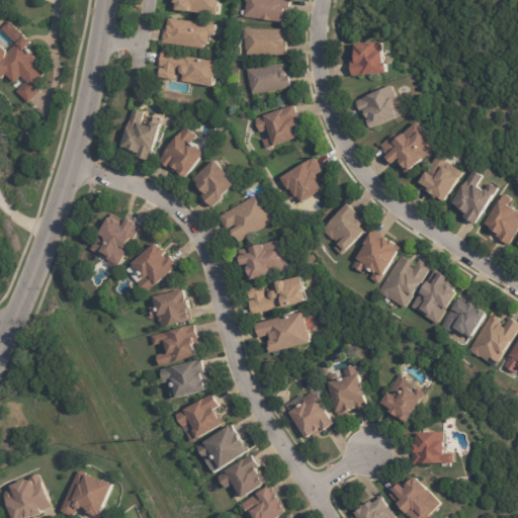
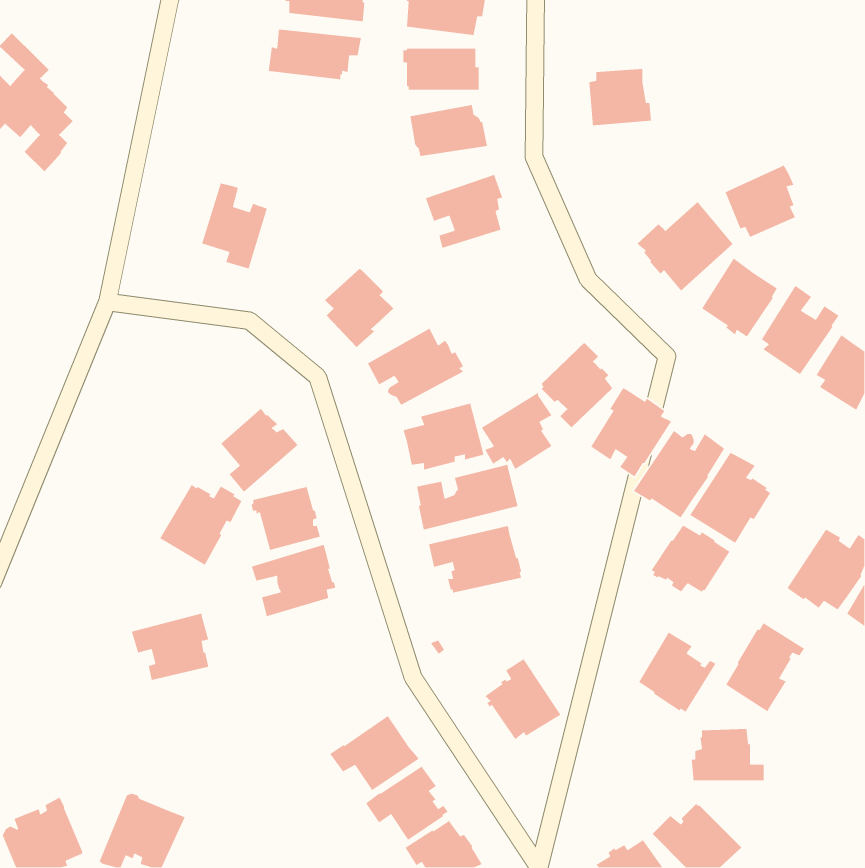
building: [156,51,213,85] -> none
building: [354,84,397,127] -> [724,165,796,238]
building: [156,125,203,177] -> none
building: [279,156,322,202] -> [481,392,553,470]
building: [88,217,138,265] -> [159,484,243,566]
building: [439,297,487,338] -> [650,524,731,593]
building: [159,358,205,399] -> [131,612,209,681]
building: [325,365,365,415] -> none
building: none -> [725,622,805,712]
building: [175,394,223,442] -> none

